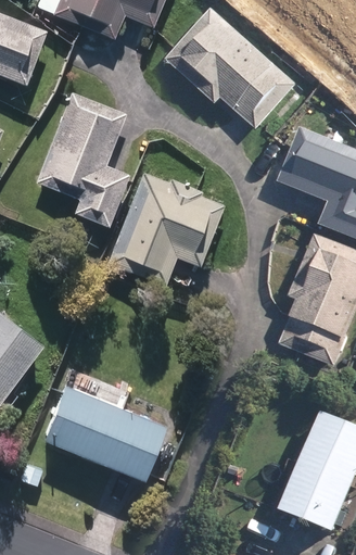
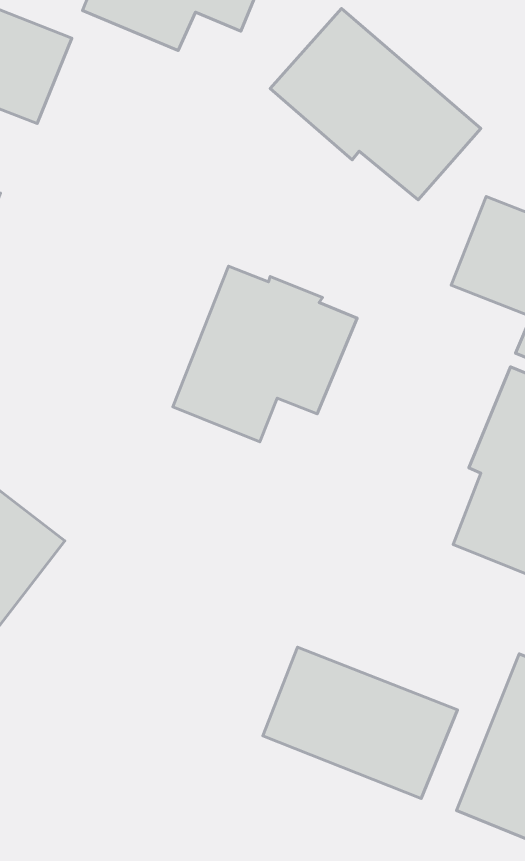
building: [35,92,128,226] -> none
building: [41,384,163,479] -> [263,647,458,798]

